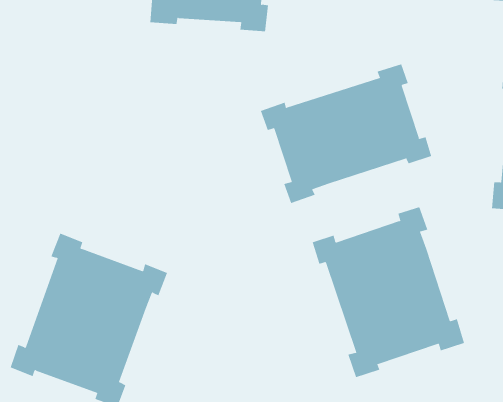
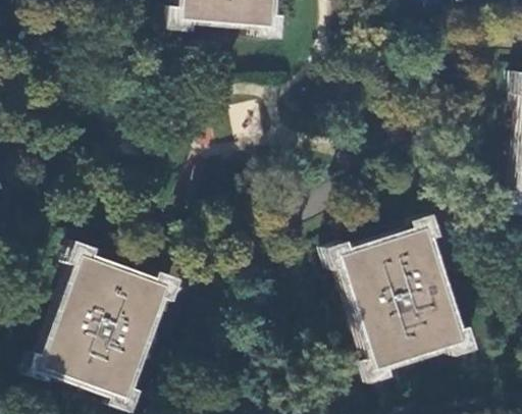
building: [260,63,432,204] -> none

